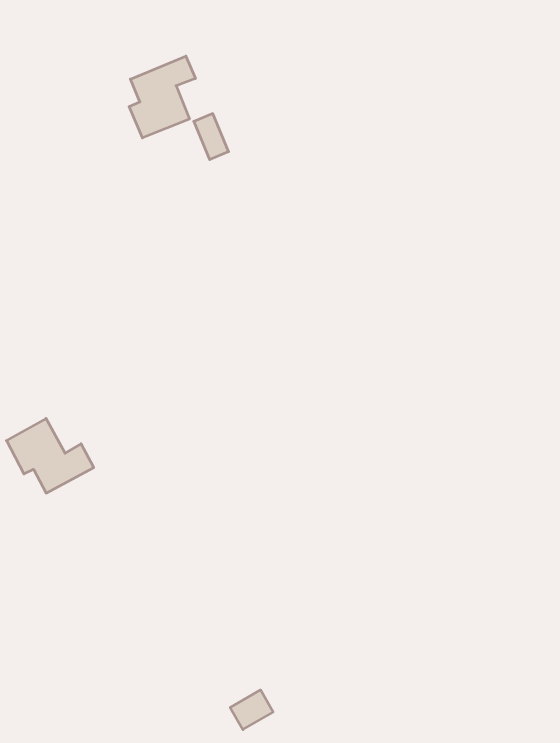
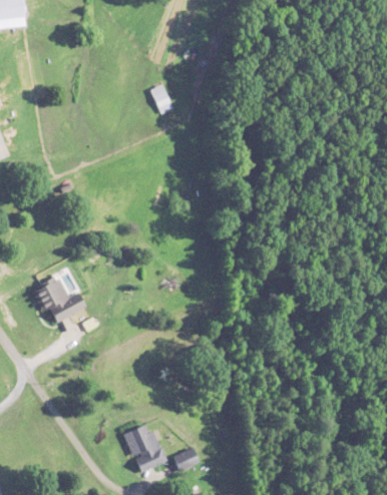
building: [129,56,195,138] -> none
building: none -> [125,424,165,473]

